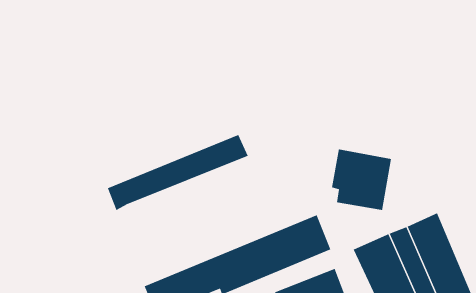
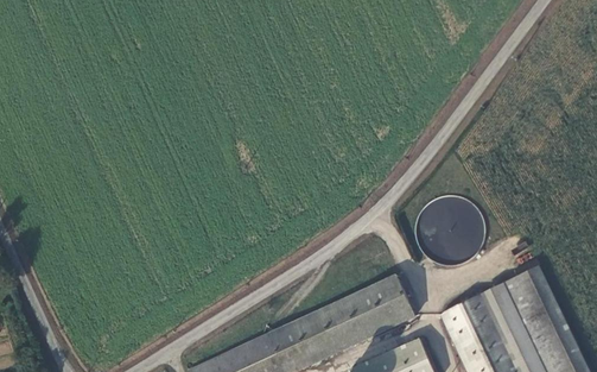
building: [107,134,248,211] -> none

